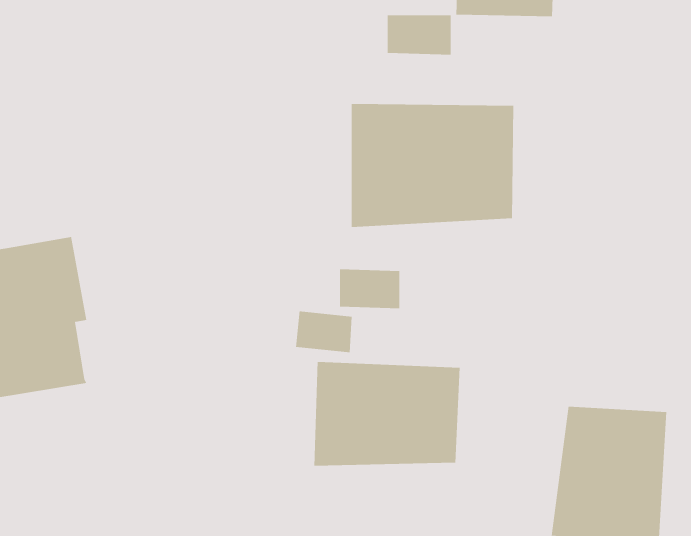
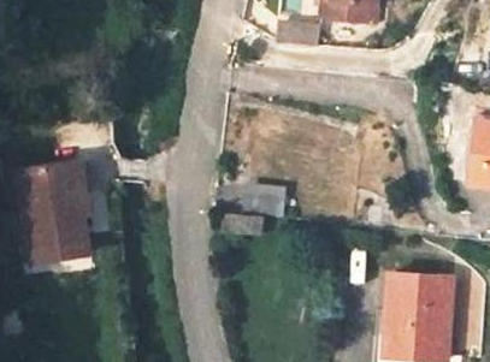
building: [351,103,514,228] -> none
building: [314,361,460,467] -> none

